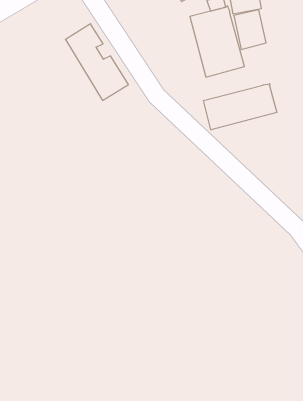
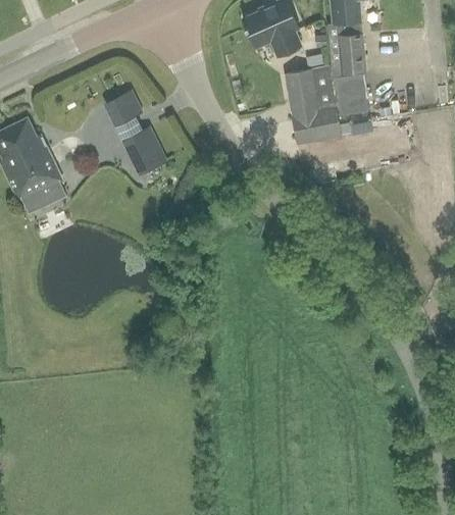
building: [65,24,128,100] -> [102,90,168,176]
building: [204,84,277,130] -> none

